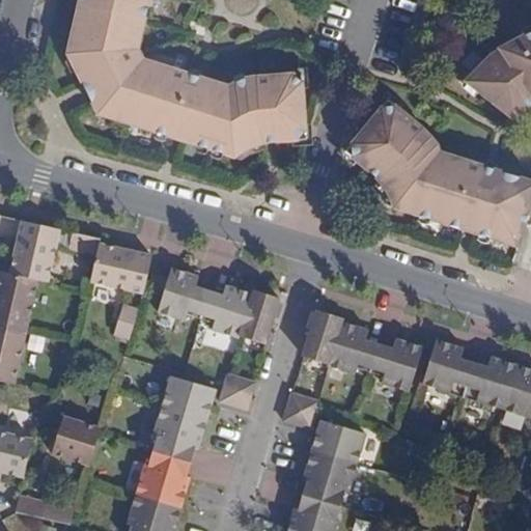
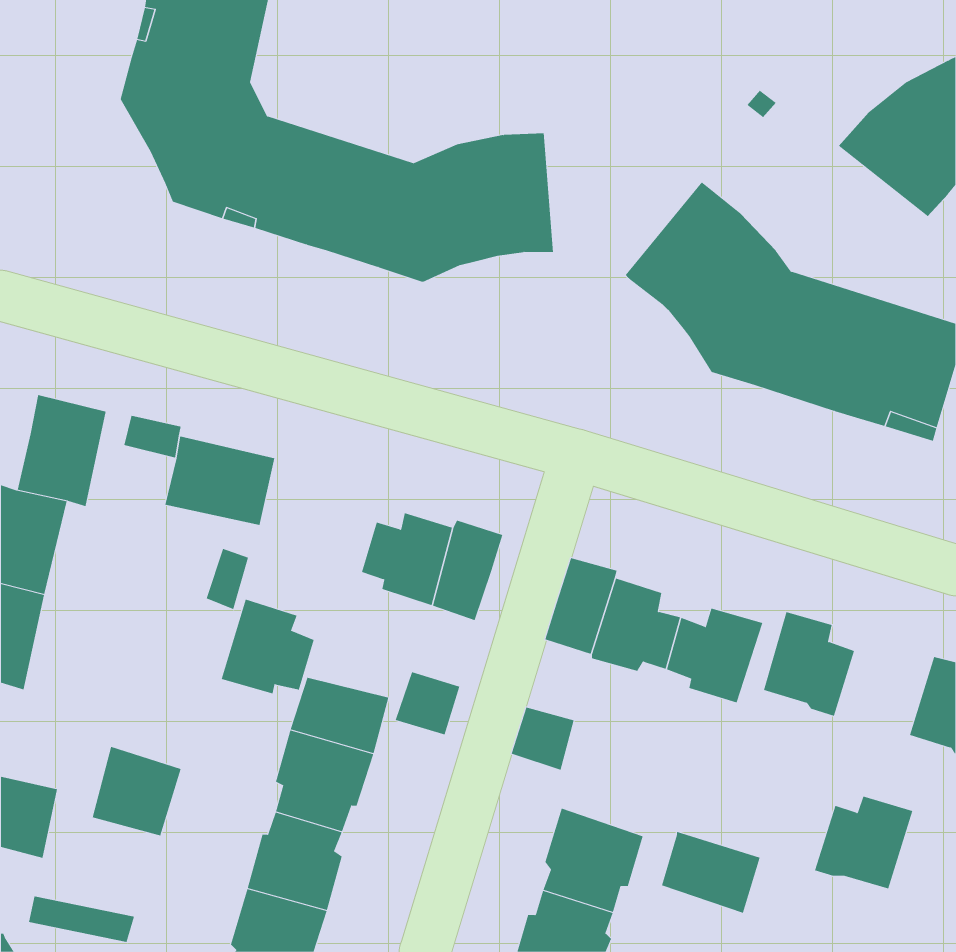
building: [157,267,208,319] -> [221,599,314,694]
building: [463,356,518,408] -> [814,796,913,889]
building: [311,418,366,464] -> [661,831,760,914]

